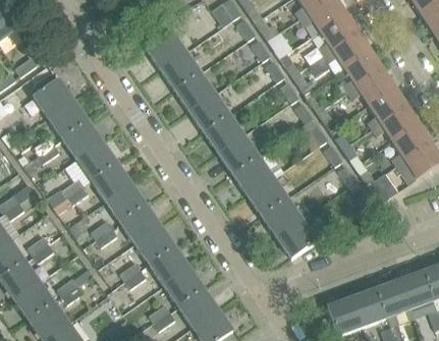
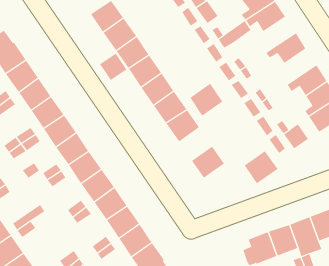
building: [344,51,384,93] -> none
building: [369,88,407,129] -> none
building: none -> [99,53,127,81]
building: [249,178,287,217] -> [189,83,223,117]
building: [277,220,317,259] -> [244,150,278,184]

